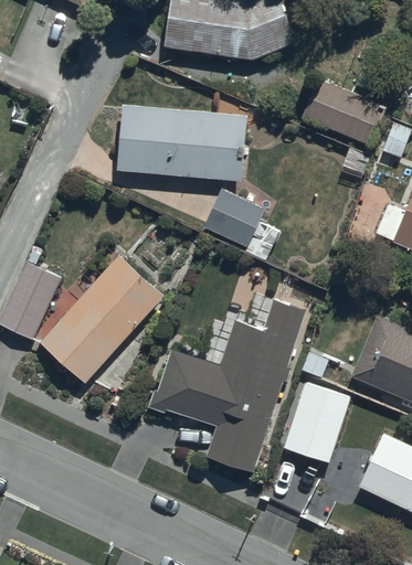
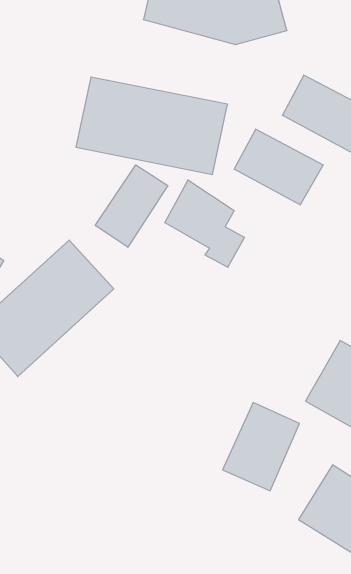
building: none -> [234,129,323,205]
building: none -> [95,165,168,247]
building: [148,299,304,472] -> none

